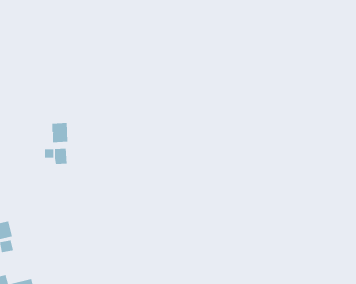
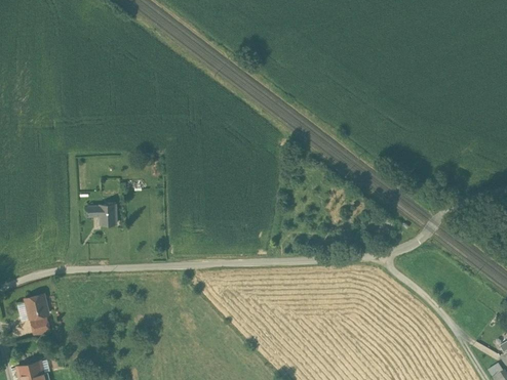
building: [52,122,68,143] -> none

